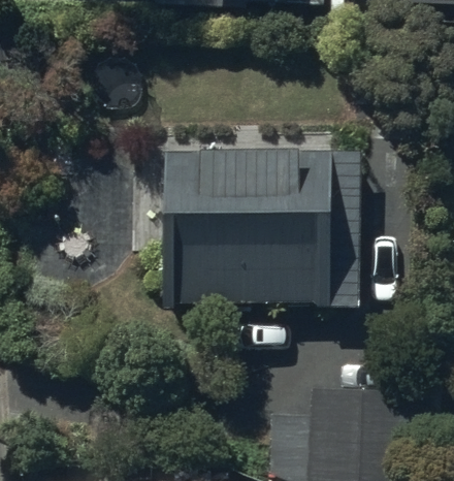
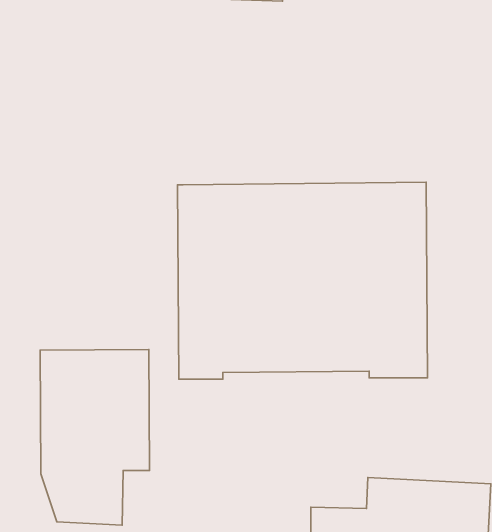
building: none -> [40,349,150,525]

